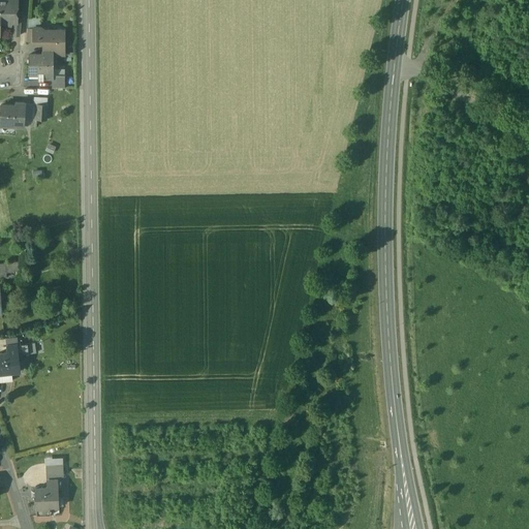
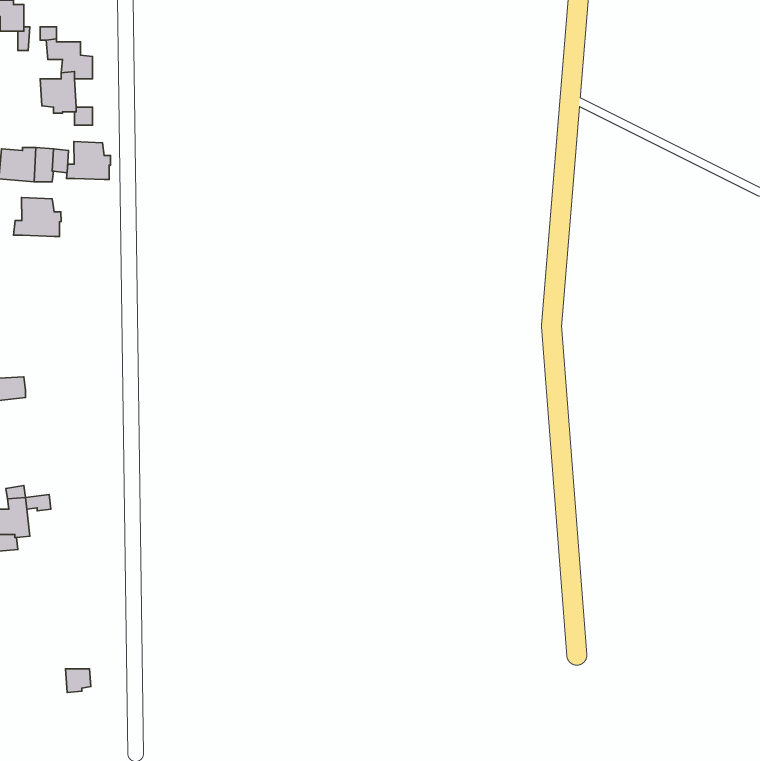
building: none -> [66,142,111,180]
building: none -> [14,197,61,237]
building: [34,479,59,507] -> none

